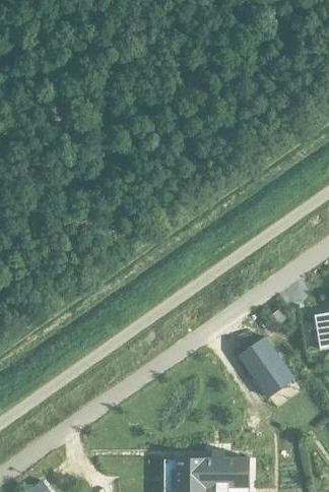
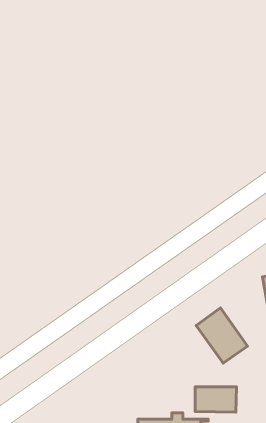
building: none -> [195,387,236,412]

